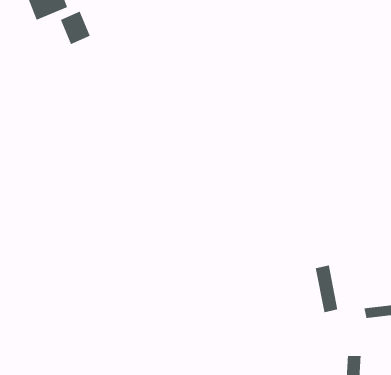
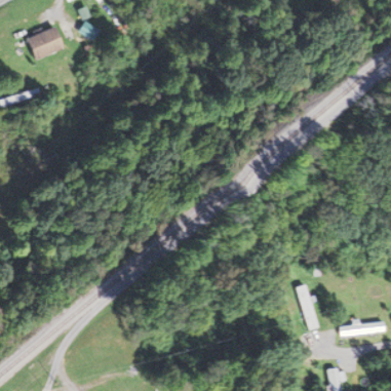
building: [60,10,91,45] -> none

